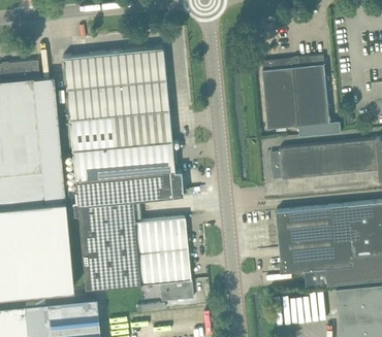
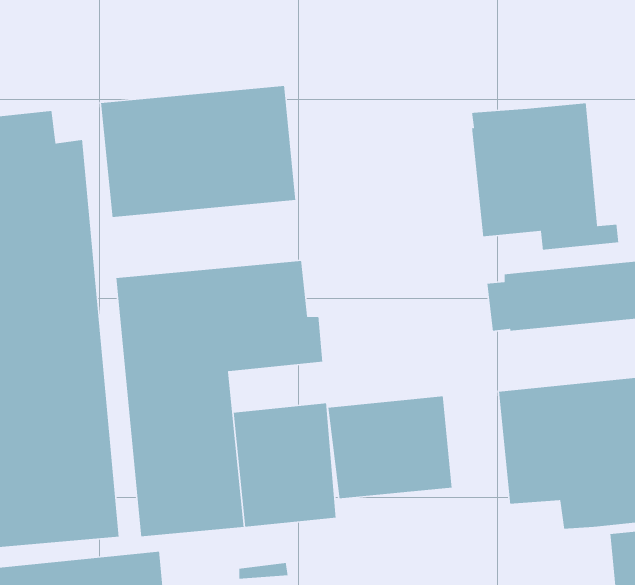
building: [69,110,171,151] -> none
building: none -> [327,396,453,499]
building: [160,280,193,302] -> none

